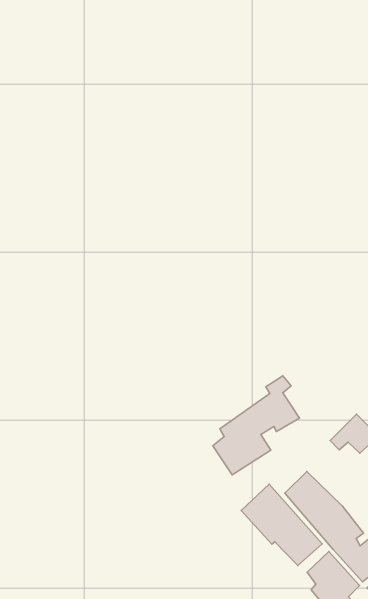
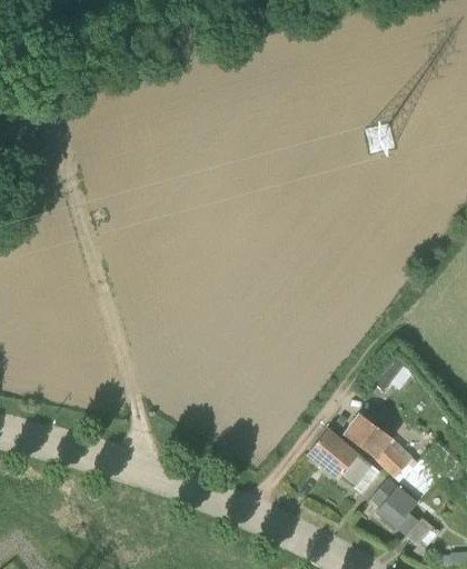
building: [213,376,299,475] -> none

